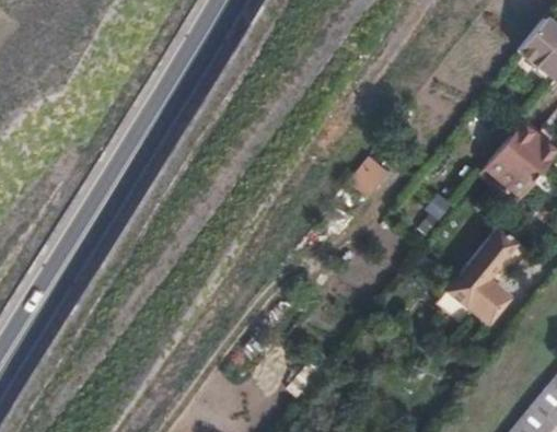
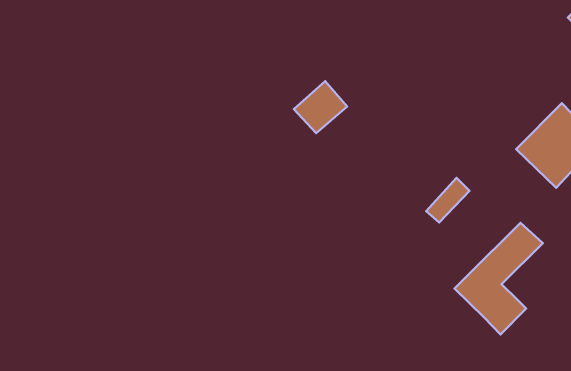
building: [346,154,391,199] -> [294,81,347,133]

